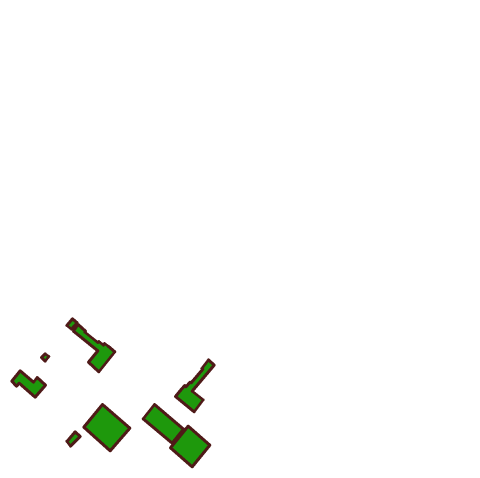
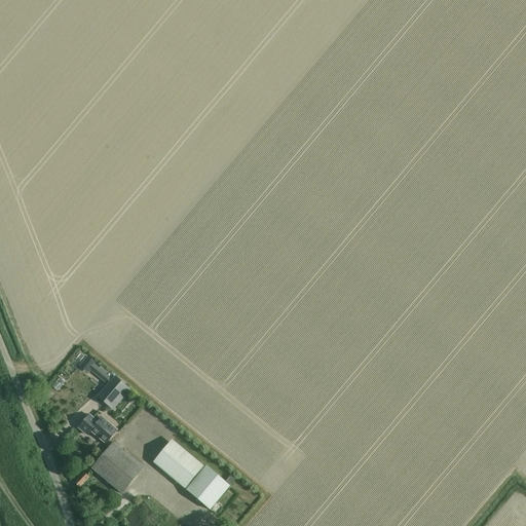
building: [176,360,214,412] -> none
building: [12,371,46,397] -> [78,413,115,442]

